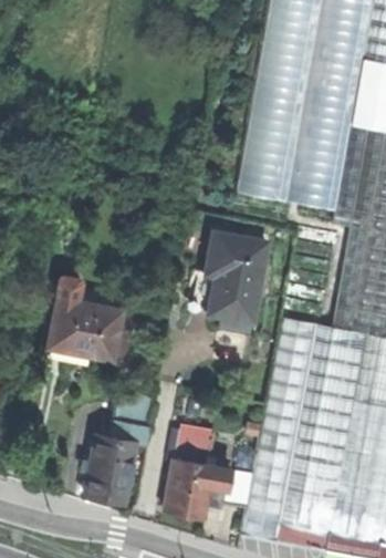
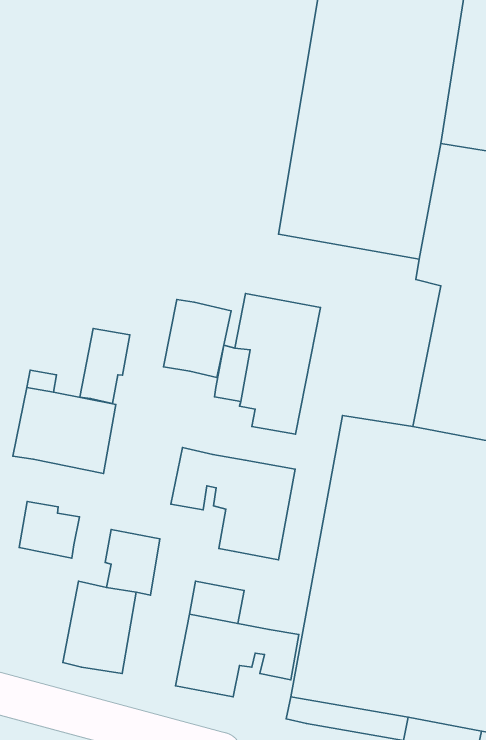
building: none -> [164,300,231,377]
building: none -> [80,329,130,404]
building: none -> [171,447,295,560]
building: none -> [19,501,80,558]

